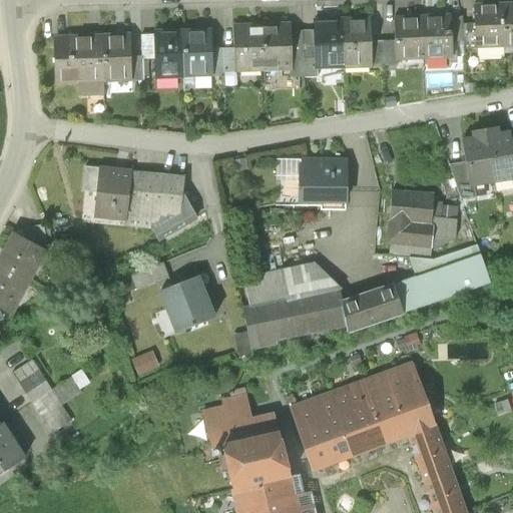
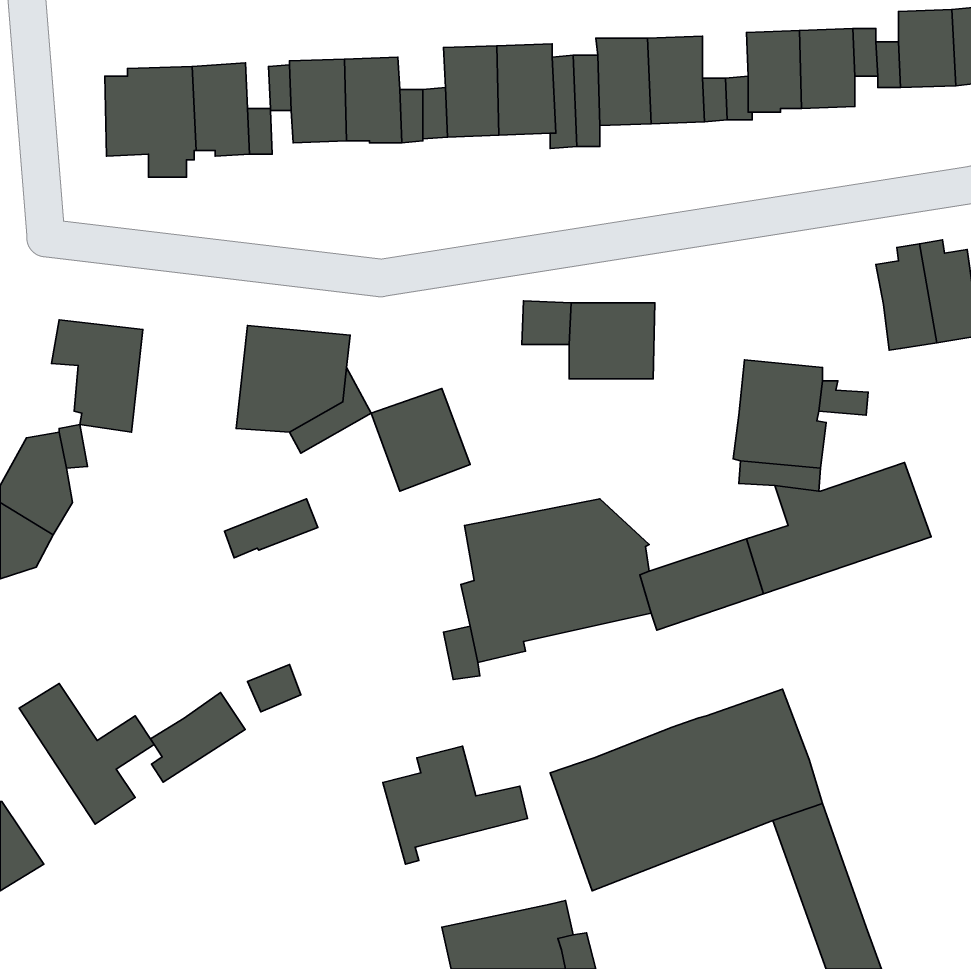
building: [450,160,476,197] -> none
building: [83,166,131,225] -> [51,320,143,432]
building: [431,216,457,247] -> none
building: [161,277,213,331] -> [371,388,470,491]
building: none -> [151,692,245,782]
building: [223,431,291,488] -> none

